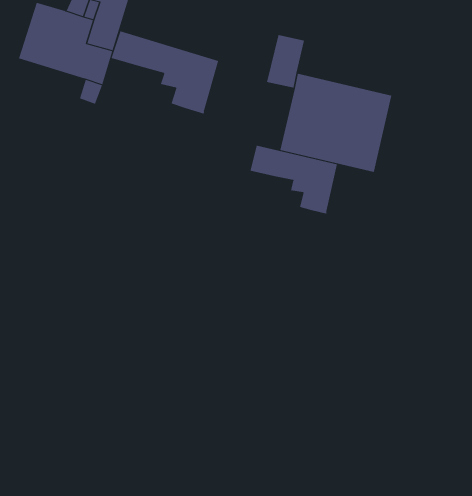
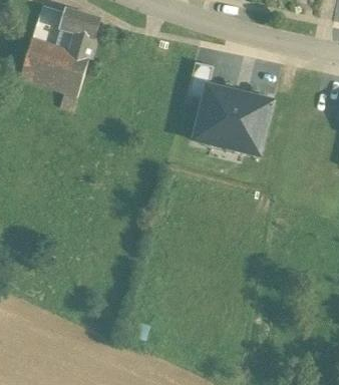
building: [111,31,219,114] -> none
building: [250,145,338,215] -> none

